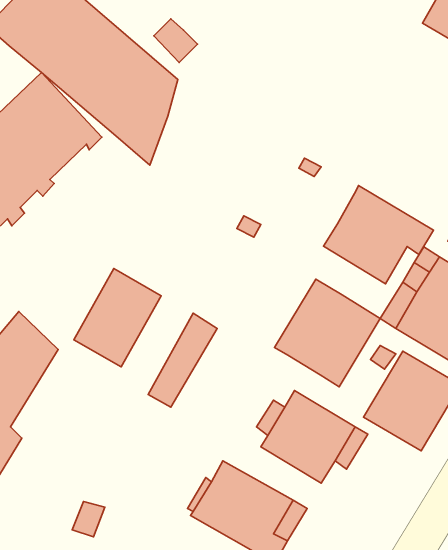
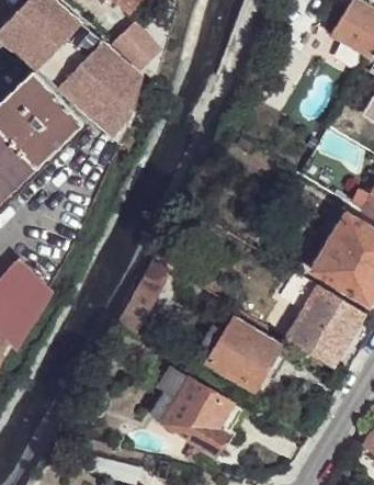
building: [324,186,433,284] -> none
building: [74,269,161,367] -> none
building: [275,279,380,387] -> none

